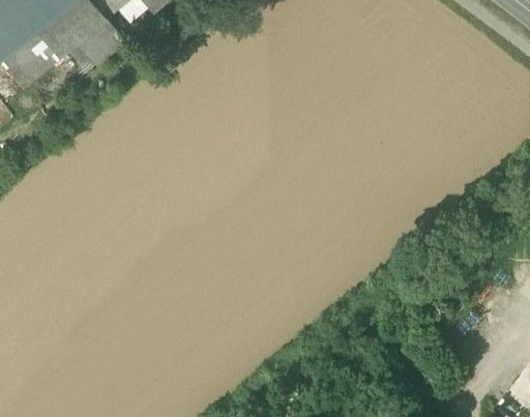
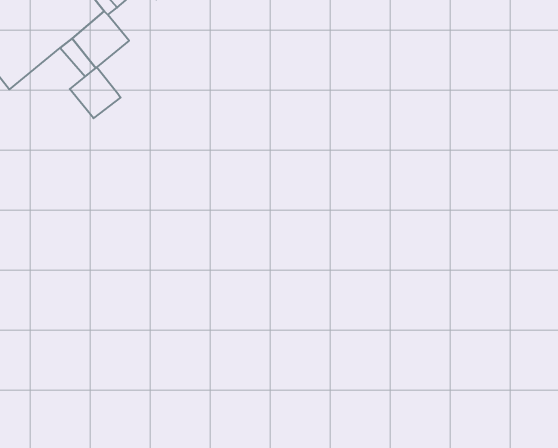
building: none -> [70,67,121,118]

